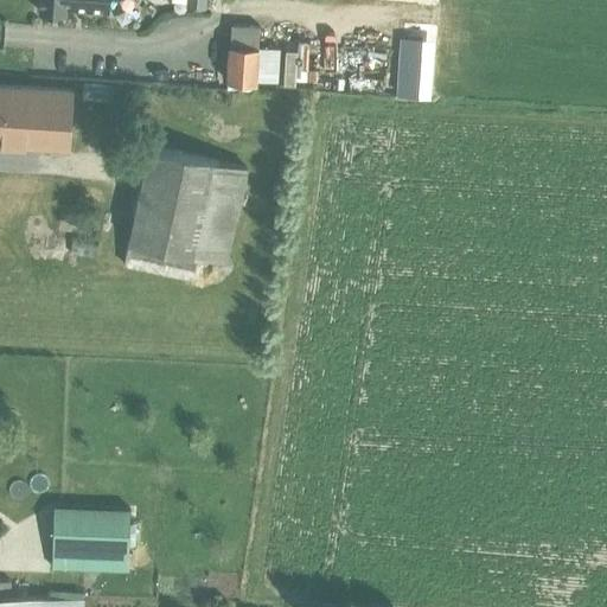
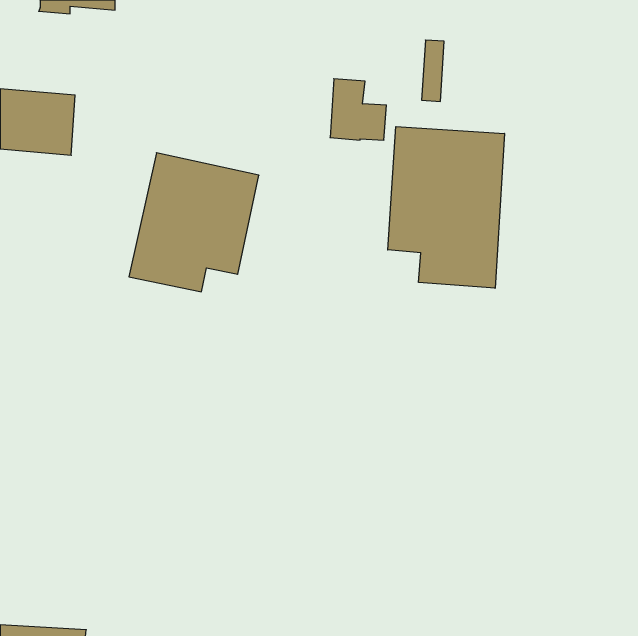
building: [226,26,280,84] -> [330,79,386,140]
building: none -> [388,127,504,288]
building: [51,509,142,573] -> none

